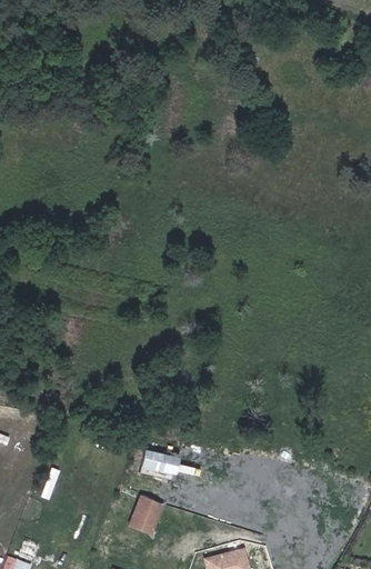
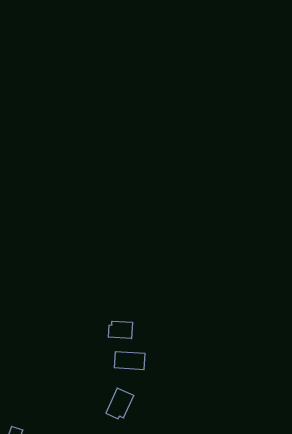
building: none -> [109,321,132,339]

